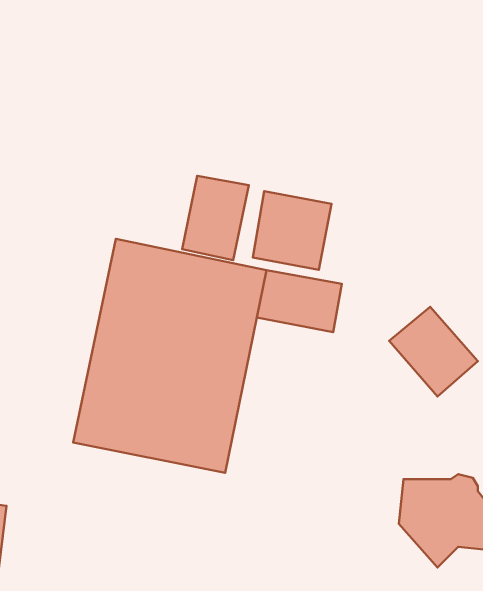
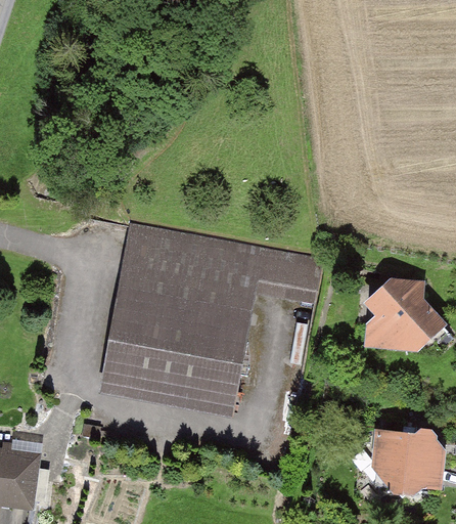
building: [182,176,249,260] -> none
building: [253,191,332,270] -> none

